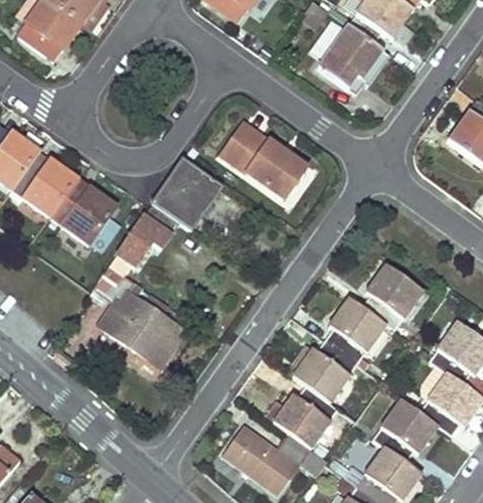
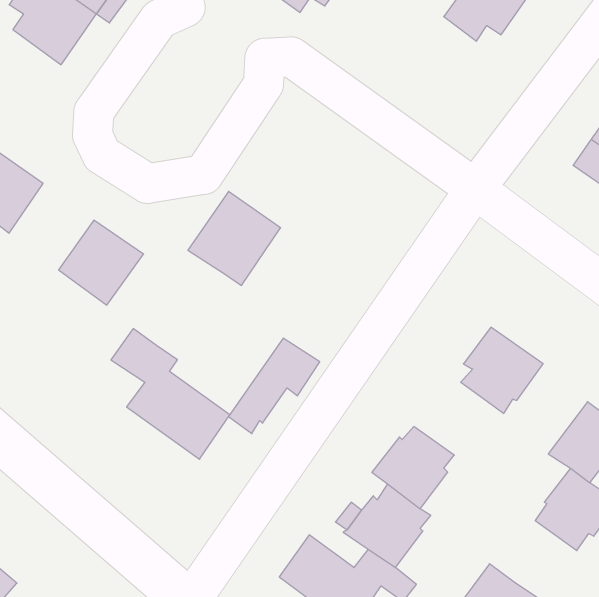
building: [318,23,386,90] -> none
building: [221,123,305,198] -> none
building: [13,152,78,218] -> none
building: [109,203,179,277] -> [228,338,320,434]
building: [325,297,387,361] -> none
building: [374,396,437,460] -> none

